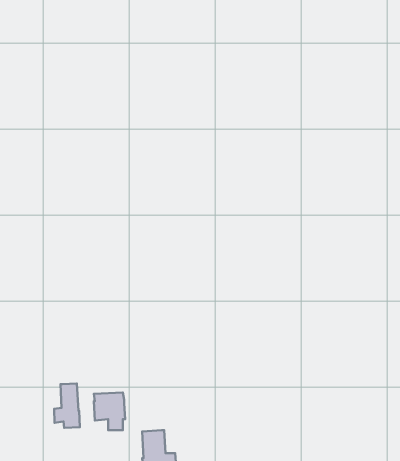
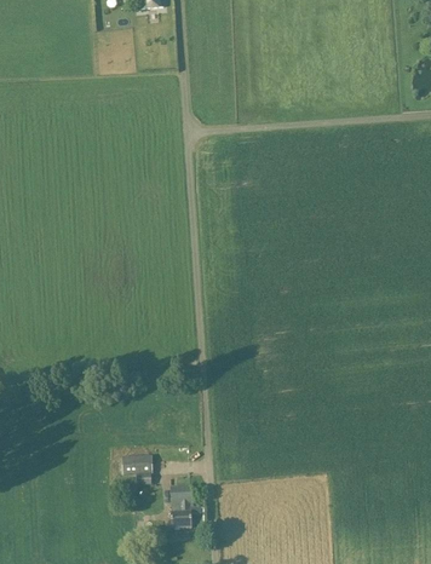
building: [54,383,80,428] -> none

